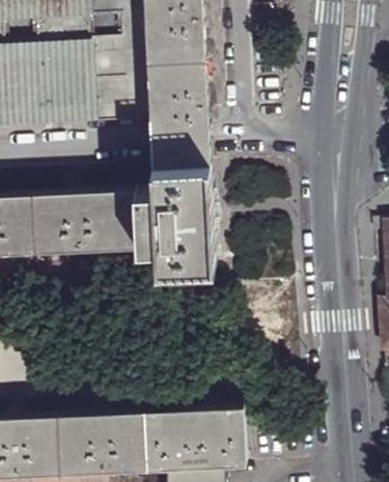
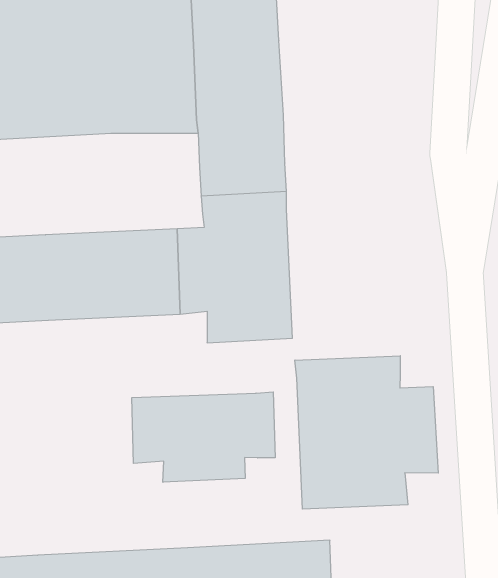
building: none -> [295,356,438,509]
building: none -> [132,392,275,482]

